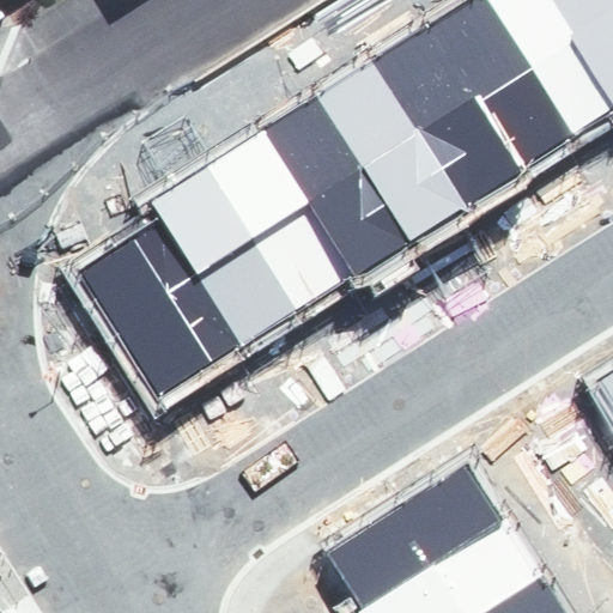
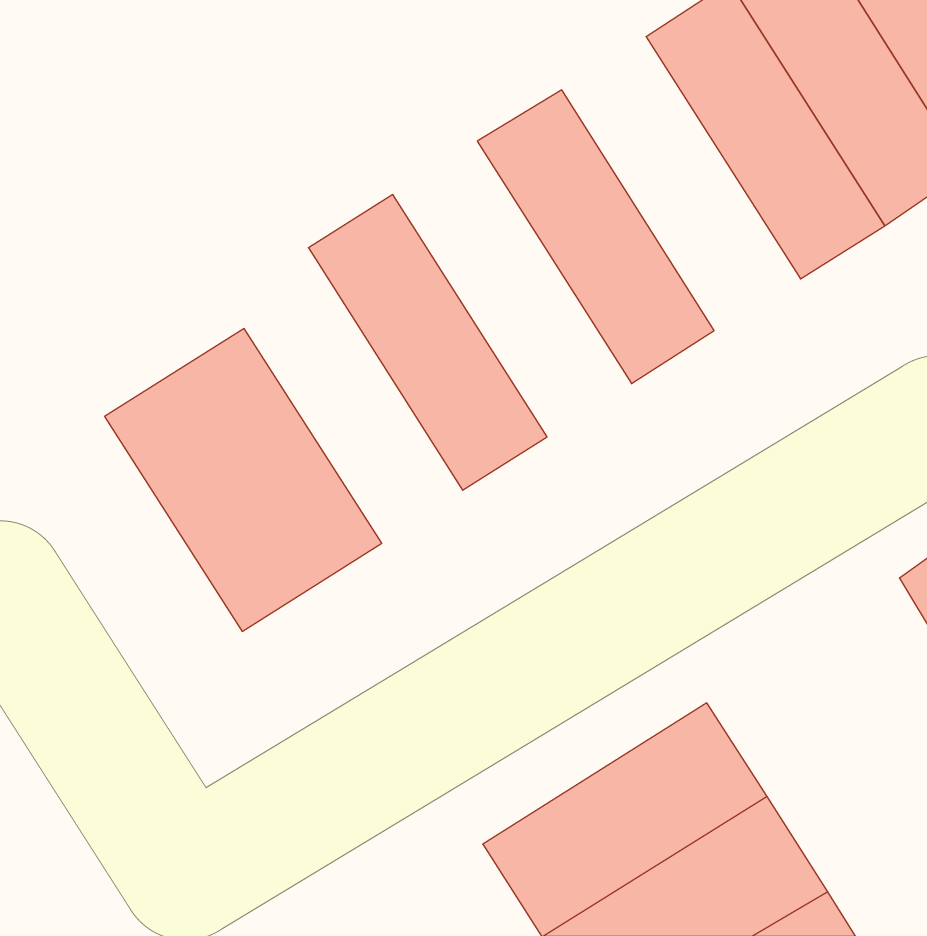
building: [374,24,529,216] -> none
building: [263,92,419,285] -> none
building: [153,162,309,354] -> none

